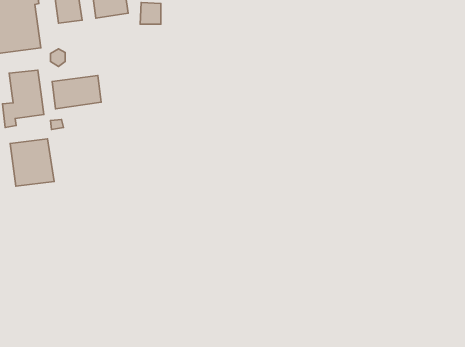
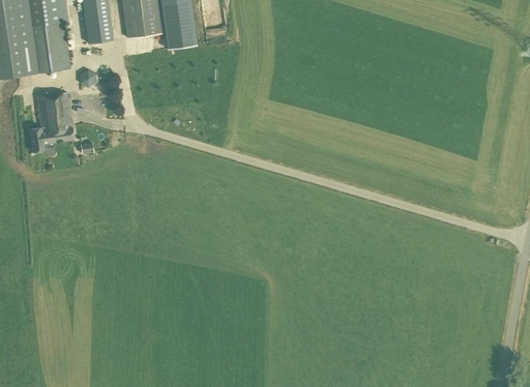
building: [52,76,101,109] -> none
building: [10,139,54,186] -> none

